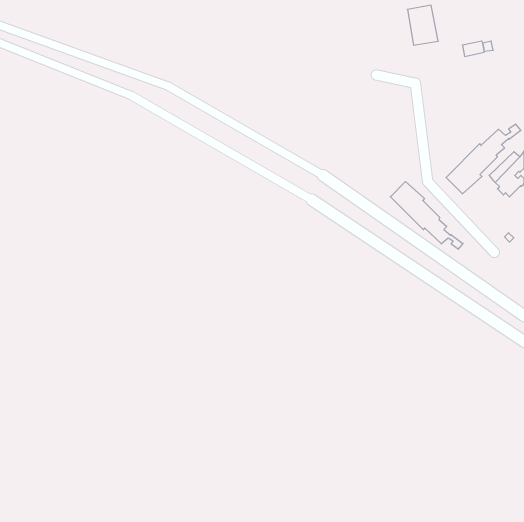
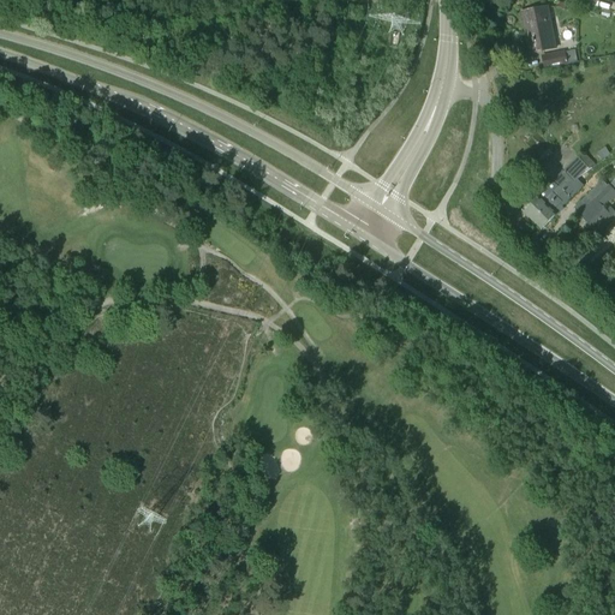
building: [407,5,438,45] -> [521,5,557,52]
building: [390,182,463,249] -> none

